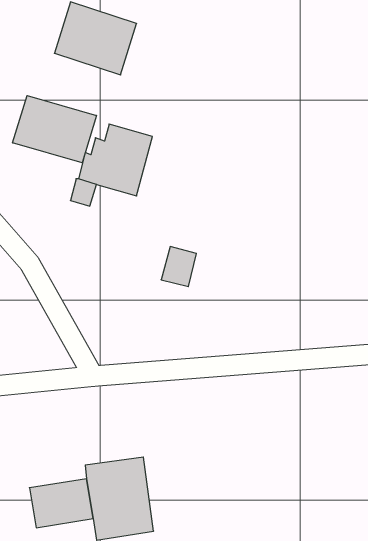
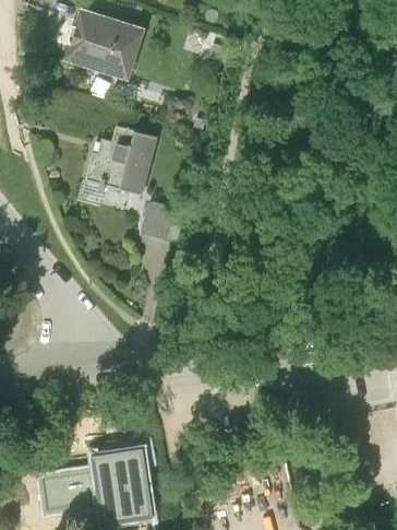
building: [13,96,96,163] -> none
building: [161,247,196,287] -> [139,201,172,239]

